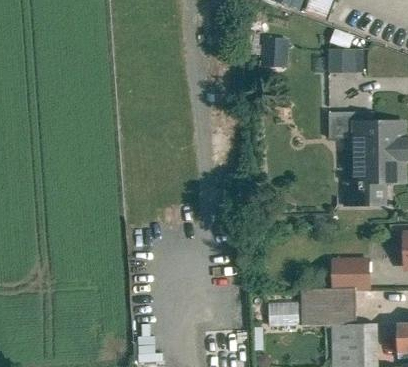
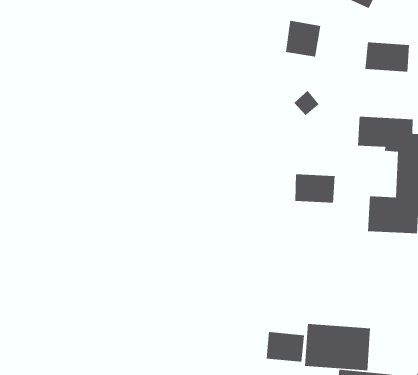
building: none -> [295,174,335,204]
building: [330,259,369,288] -> none

